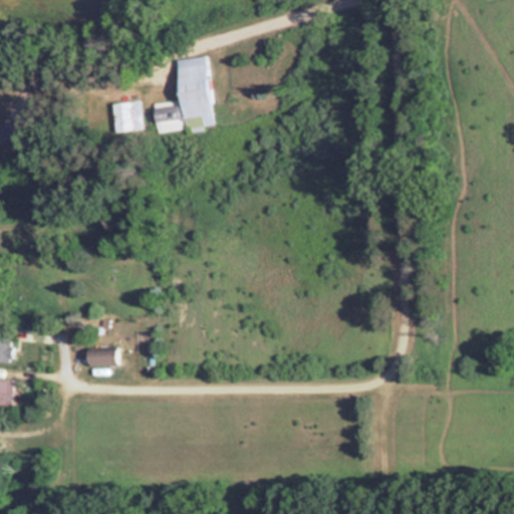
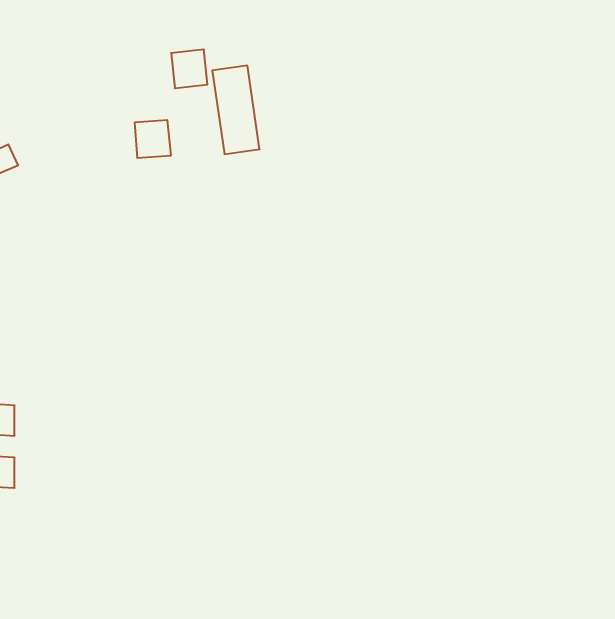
building: [153,100,183,133] -> [171,49,207,88]
building: [87,350,116,365] -> none

